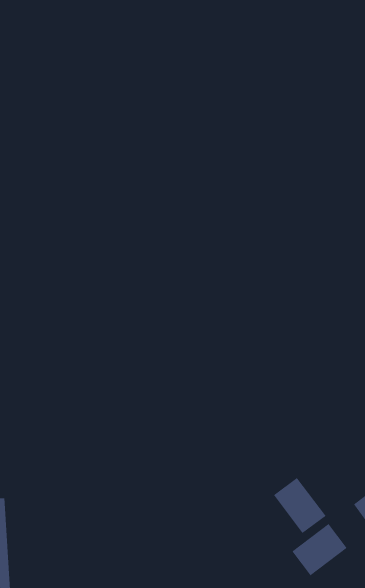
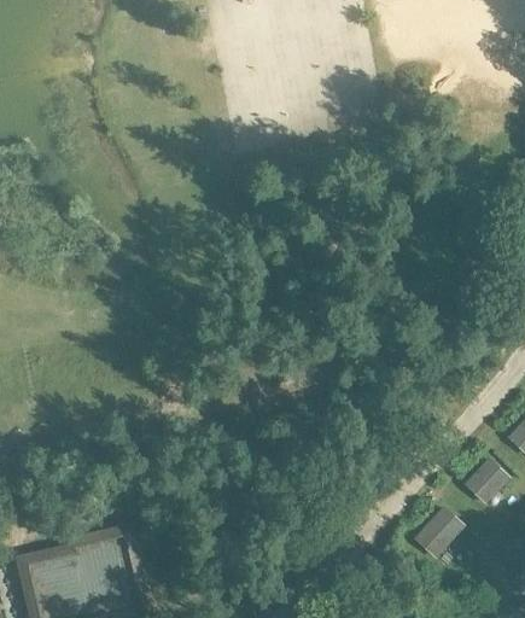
building: [273,477,326,534] -> none

